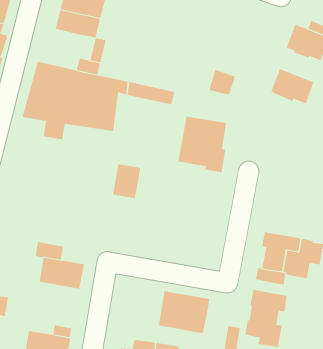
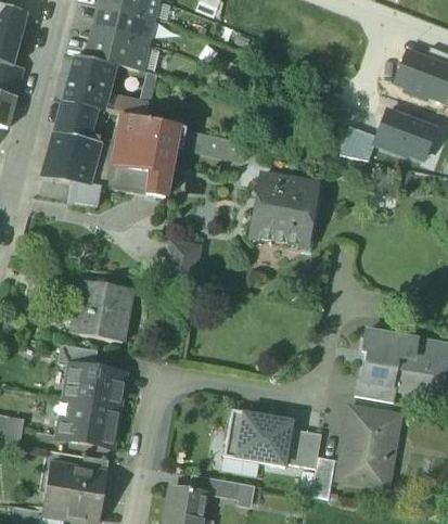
building: none -> [62,55,113,110]
building: [208,69,236,95] -> [341,126,377,161]
building: none -> [75,279,132,341]
building: none -> [57,397,119,447]
building: none -> [286,429,322,468]

